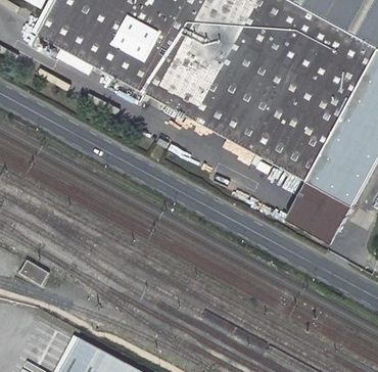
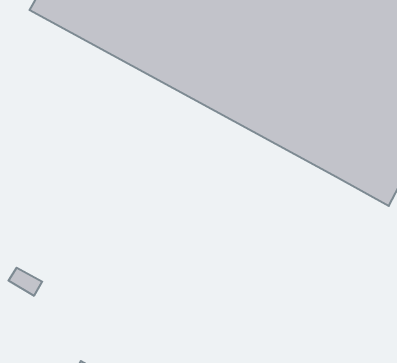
building: [285,181,351,243] -> none

